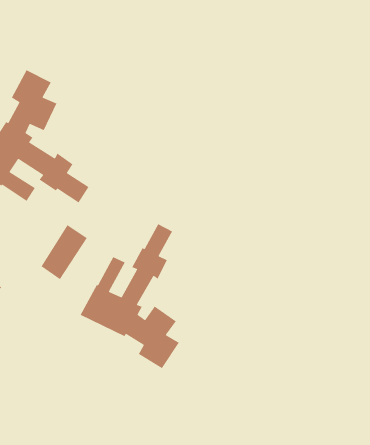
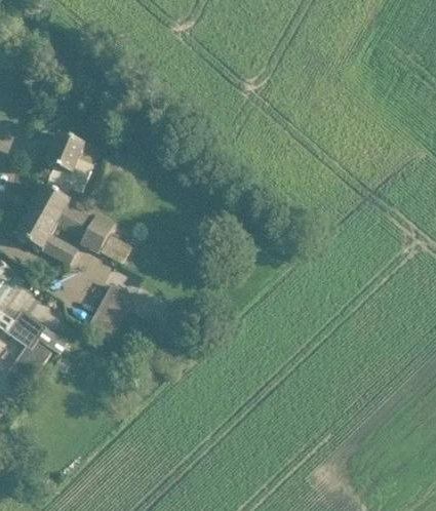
building: [80,223,180,369] -> none

